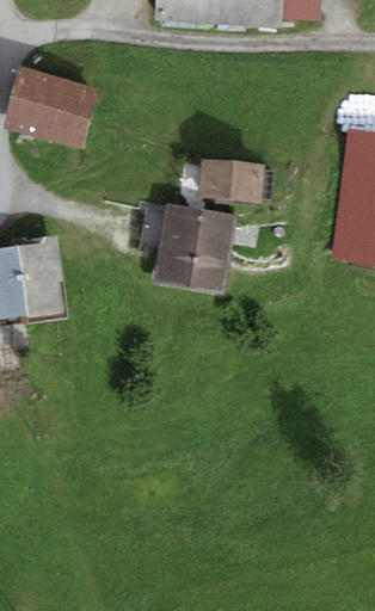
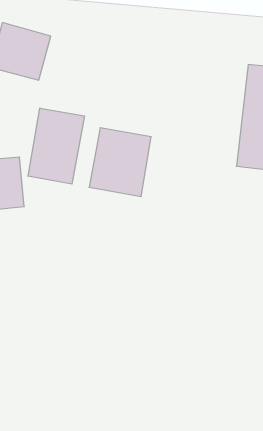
building: [182,158,245,199] -> none
building: none -> [28,108,84,184]

